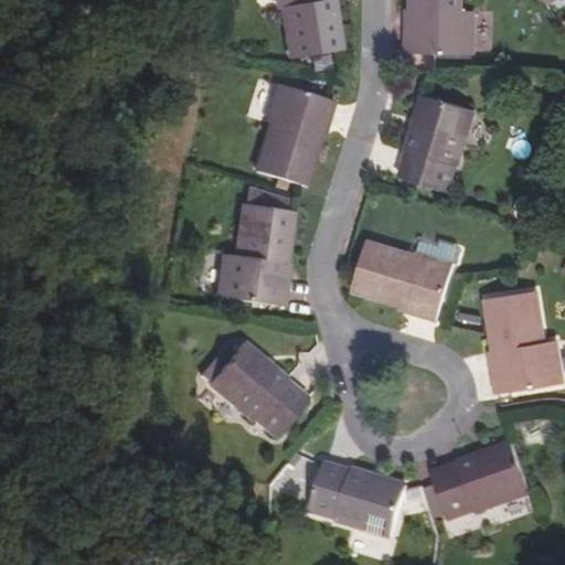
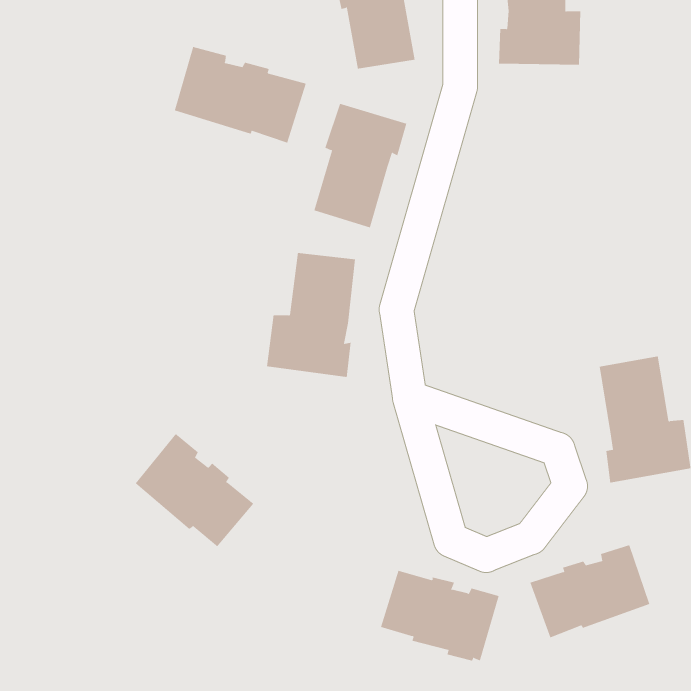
building: none -> [174,46,307,143]
building: [402,94,473,189] -> none
building: [352,242,454,318] -> none
building: [207,342,305,435] -> [135,433,254,547]

